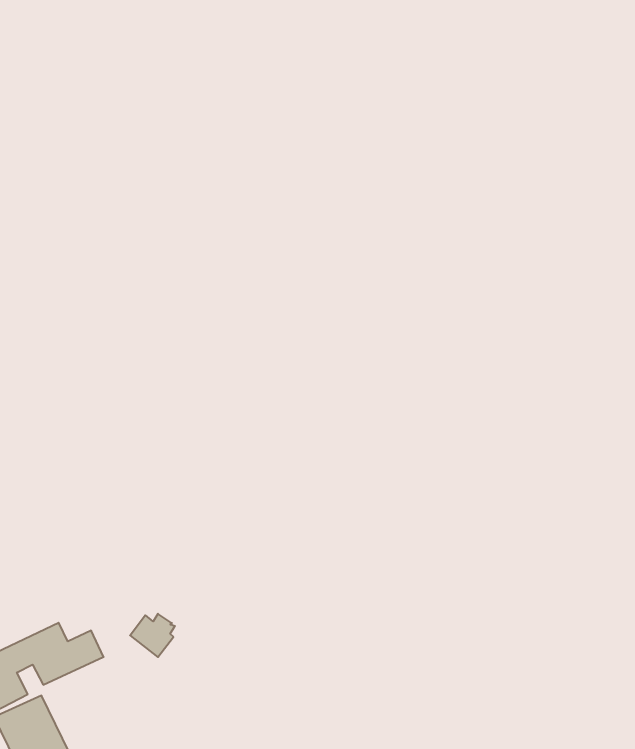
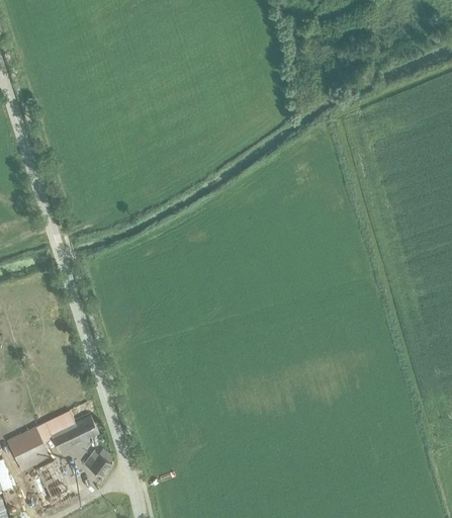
building: [130,614,175,657] -> [82,449,111,478]

